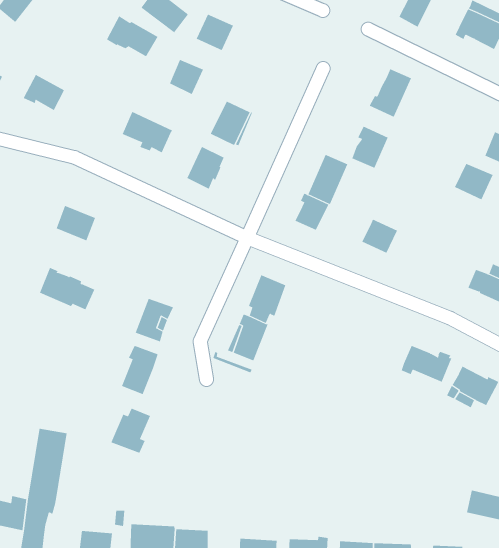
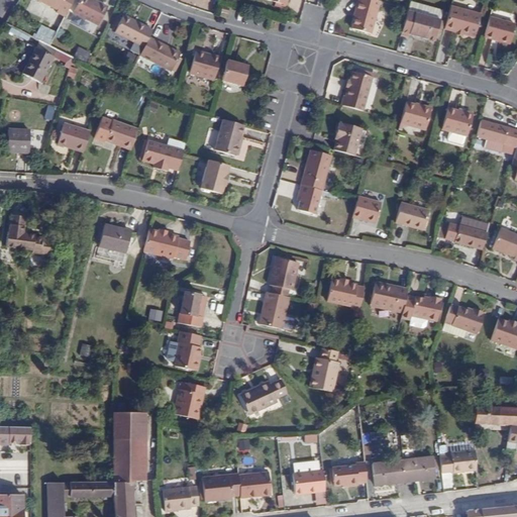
building: [106,16,158,57] -> [96,117,138,147]
building: [169,59,204,95] -> [222,60,248,87]
building: [454,163,493,200] -> [401,103,431,131]
building: none -> [396,202,428,229]
building: [39,267,95,310] -> [144,230,190,261]
building: none -> [326,281,364,312]
building: none -> [372,280,408,310]
building: none -> [310,347,340,392]
building: none -> [241,379,289,414]

